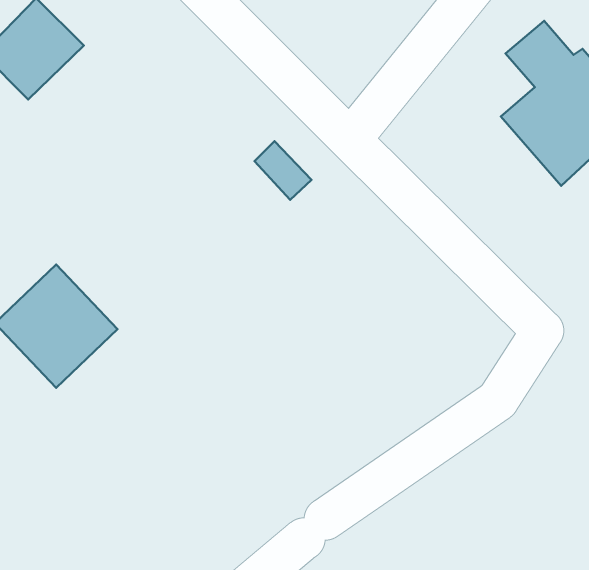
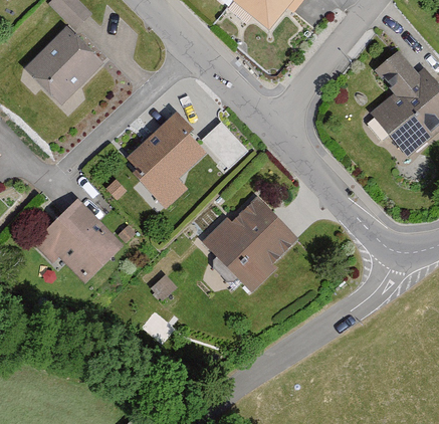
building: none -> [133,119,205,189]
building: none -> [211,205,290,285]

